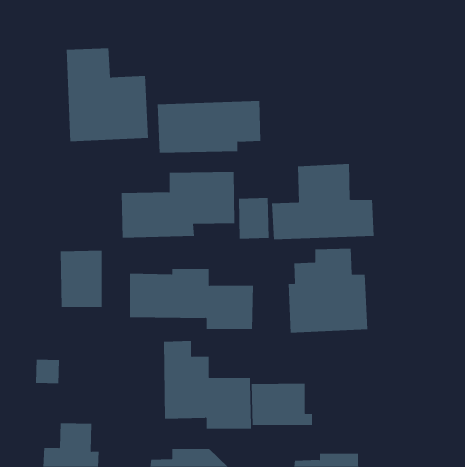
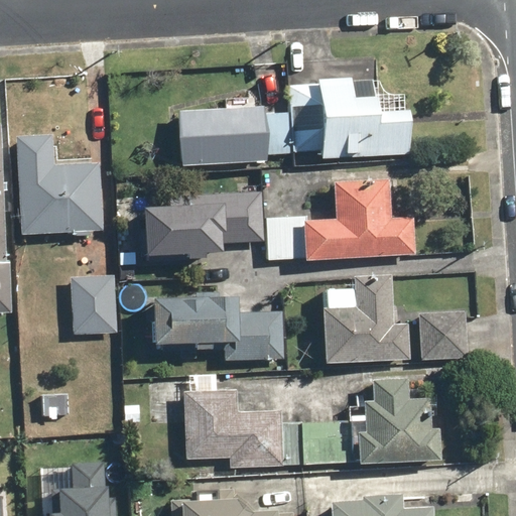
building: [66,48,149,142] -> [14,133,105,236]
building: none -> [290,79,411,158]
building: none -> [418,310,467,360]
building: none -> [345,381,438,463]

